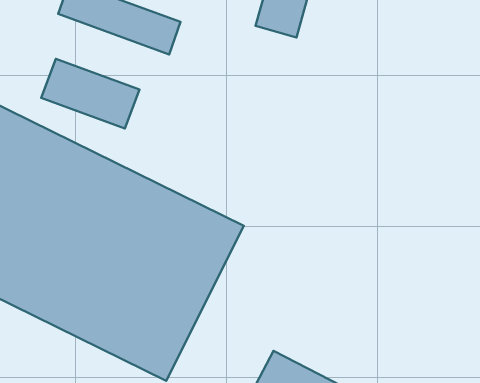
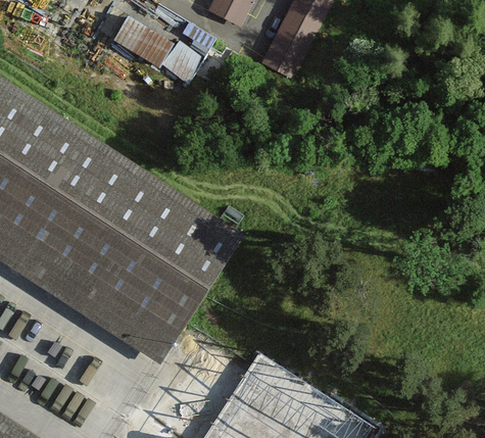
building: [41,59,140,129] -> none

